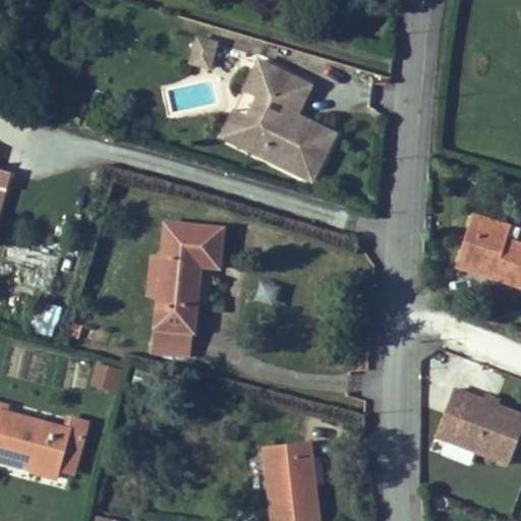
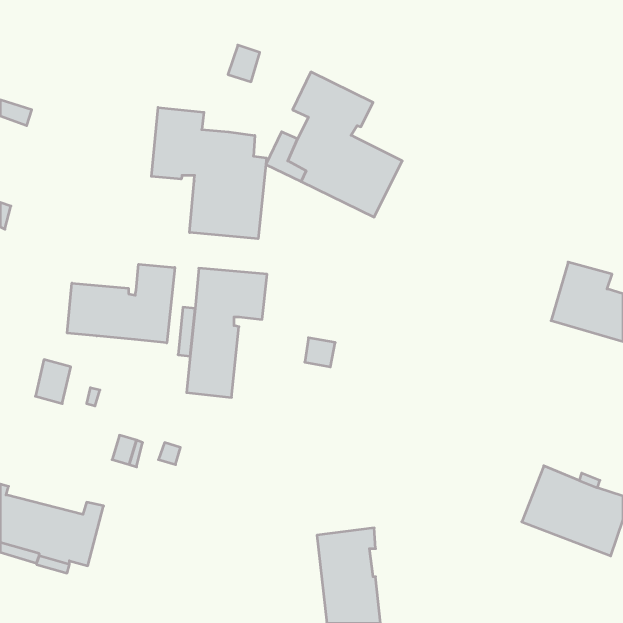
building: none -> [151,107,266,239]
building: none -> [67,264,175,343]
building: [154,328,193,355] -> none

